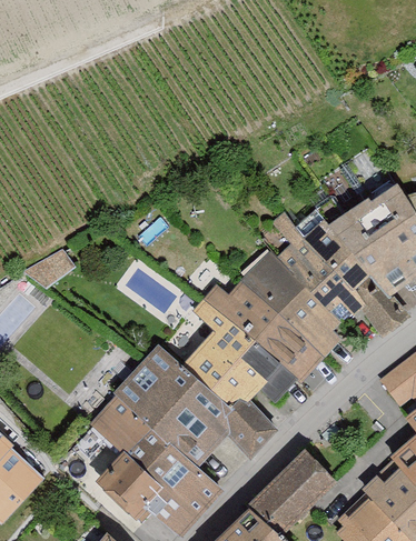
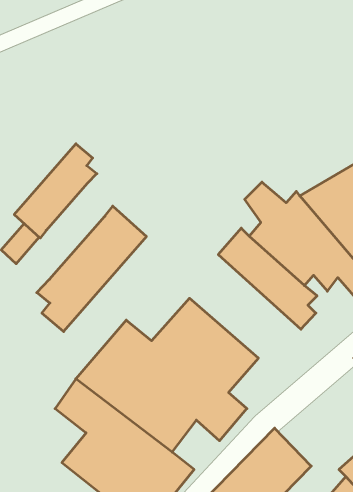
building: none -> [14,144,97,238]
building: none -> [37,206,146,332]
building: [199,280,327,391] -> none

